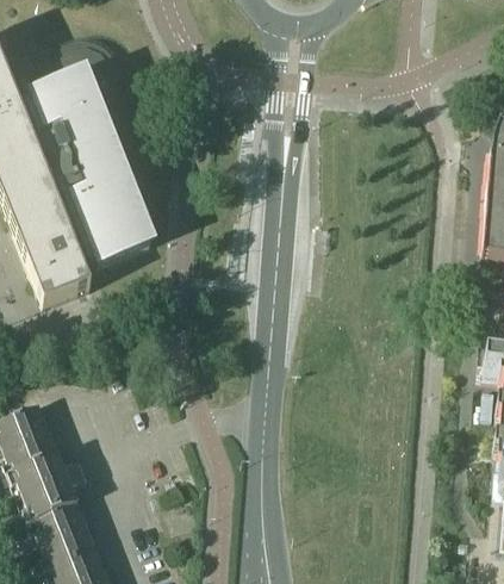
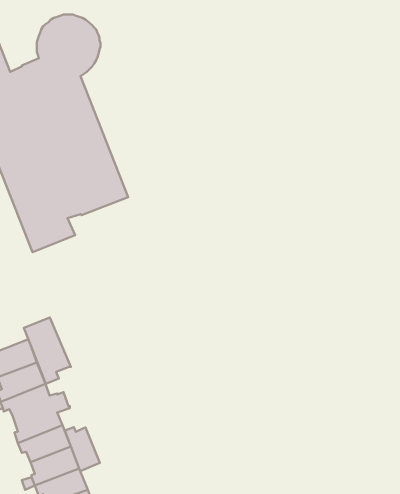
building: none -> [24,318,71,384]
building: none -> [65,427,100,471]

